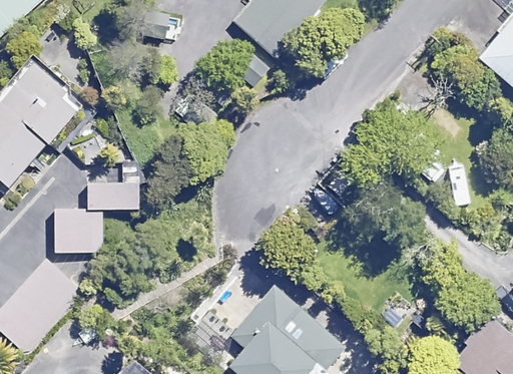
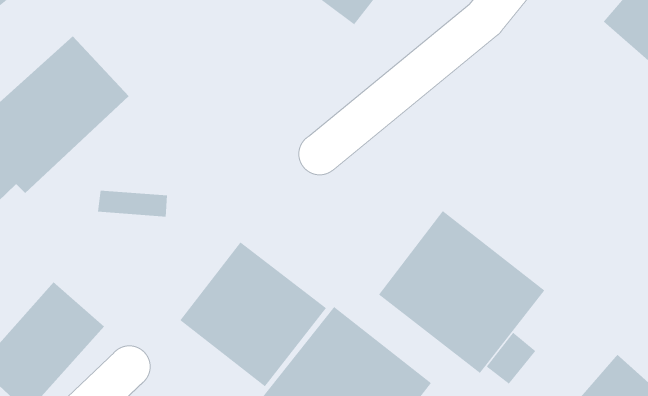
building: none -> [378,210,545,374]
building: [45,206,104,262] -> none
building: none -> [179,242,327,387]

